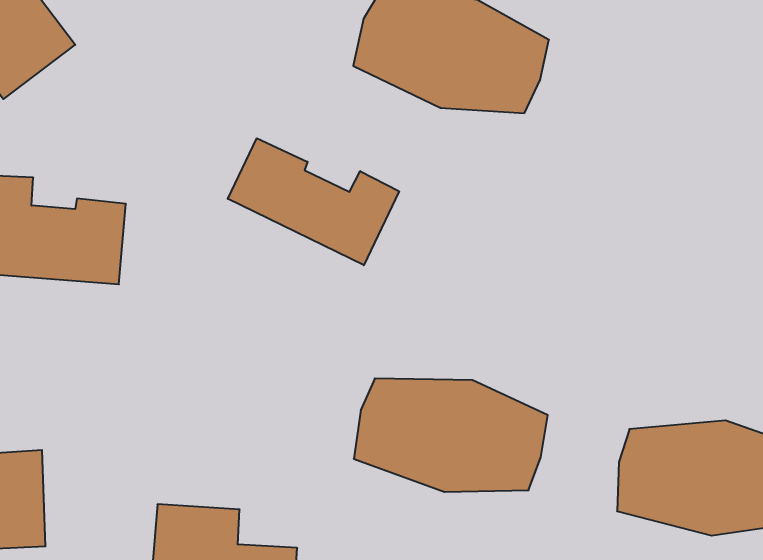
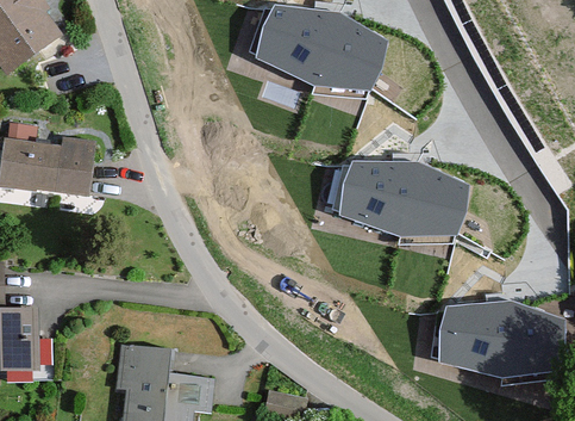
building: [228,138,399,265] -> none
building: [354,378,548,492] -> [332,156,464,234]

